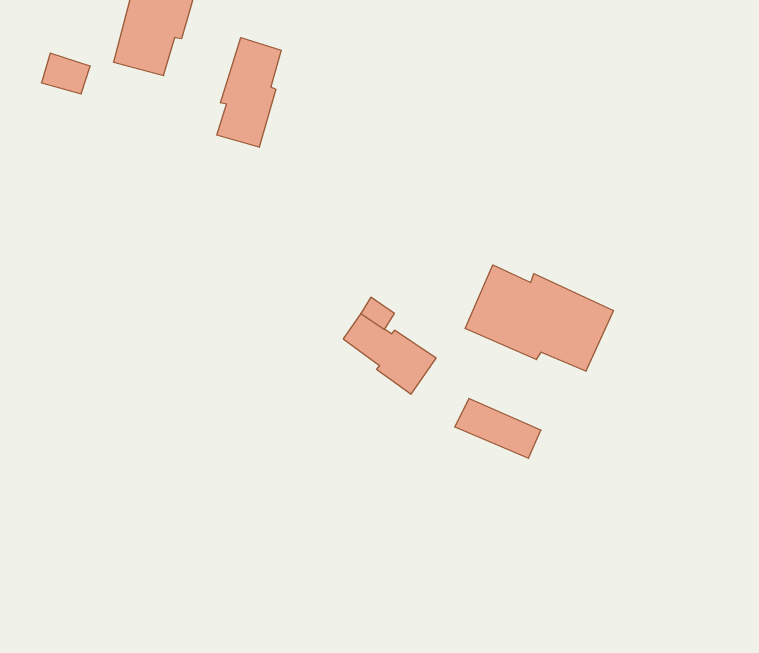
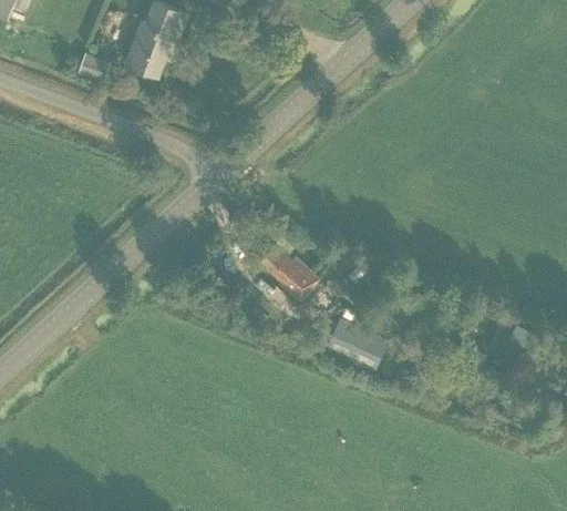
building: [217,38,281,147] -> none
building: [465,265,614,371] -> none

